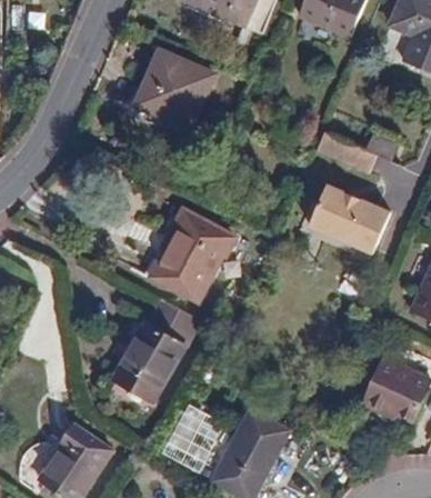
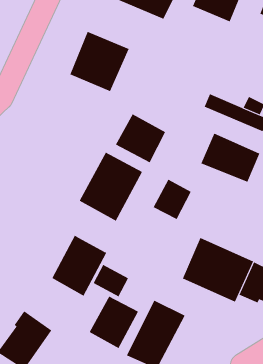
building: none -> [115,113,166,163]
building: none -> [153,179,192,220]
building: [148,300,196,345] -> [93,264,129,297]
building: none -> [182,237,254,302]

